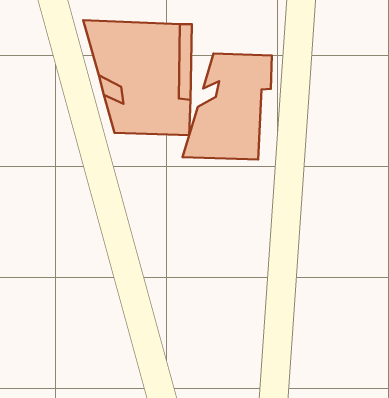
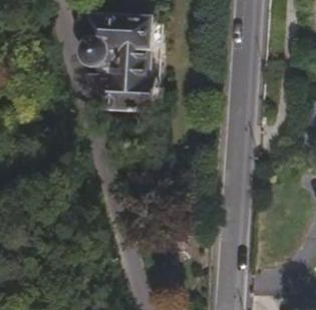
building: [182,54,272,159] -> none

